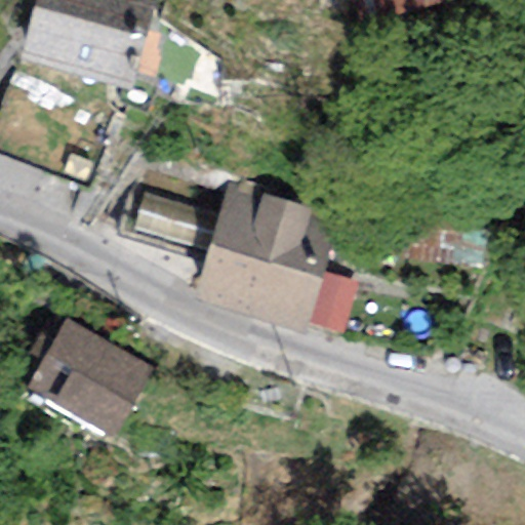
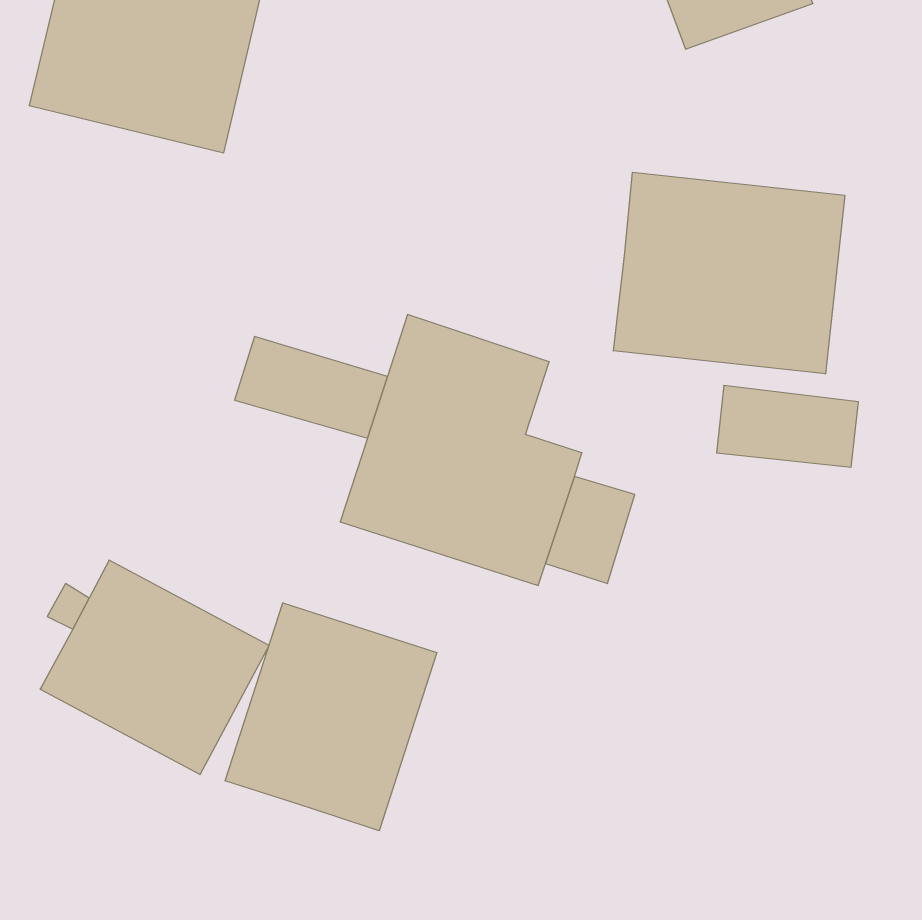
building: none -> [613,172,845,374]
building: none -> [225,603,437,831]

